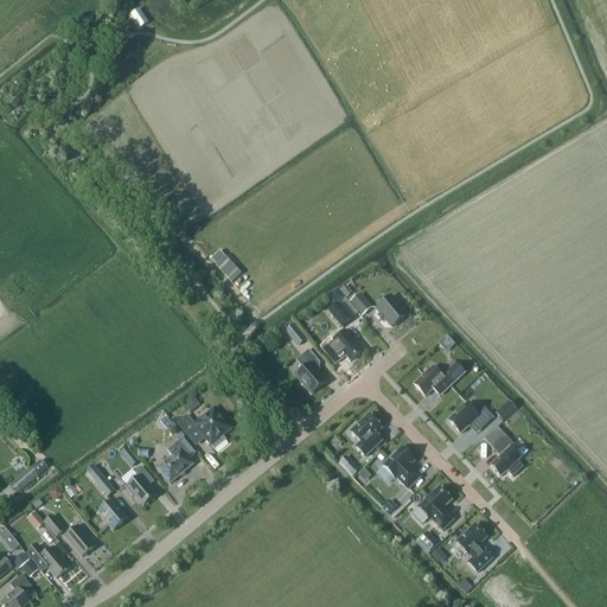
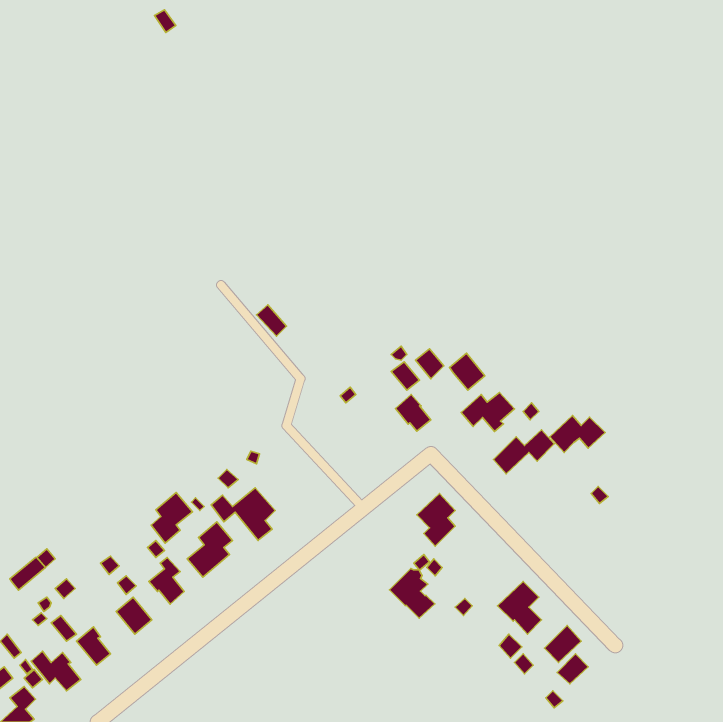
building: none -> [461,392,514,431]
building: [294,349,325,394] -> none
building: [447,402,493,433] -> [550,416,605,453]
building: none -> [151,492,192,543]
building: [490,433,523,475] -> none
building: [382,447,420,488] -> [389,568,435,618]

